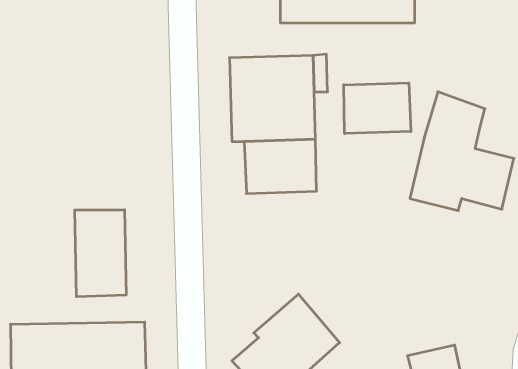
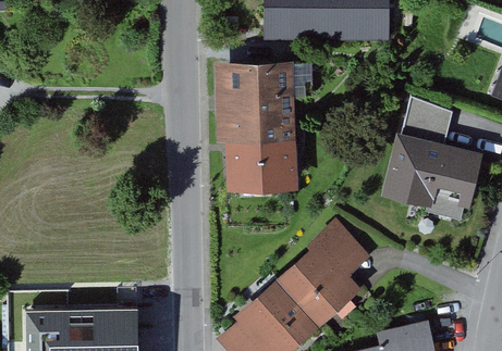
building: [344,83,411,134] -> none
building: [75,210,126,297] -> none
building: none -> [282,225,365,323]

